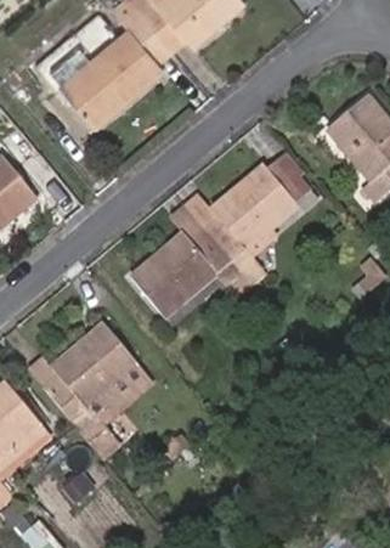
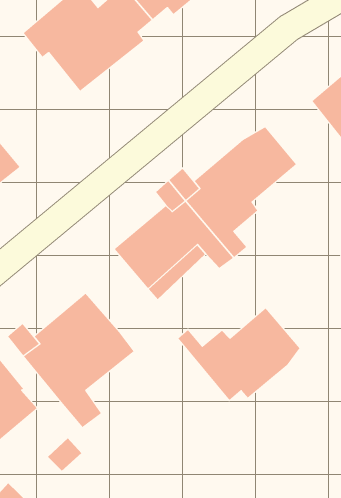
building: none -> [177,307,300,401]

